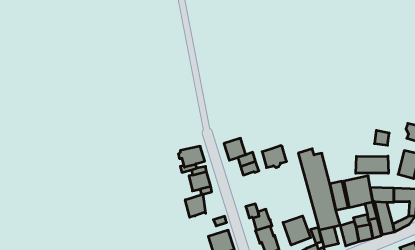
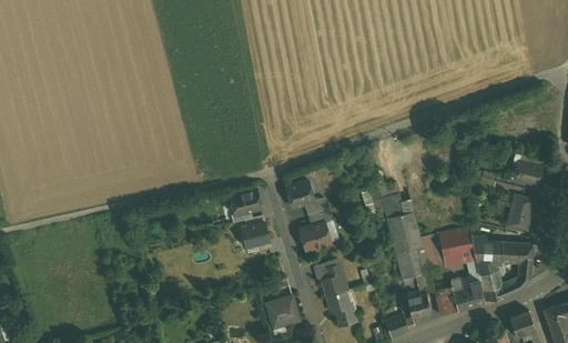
building: [262,146,287,168] -> [300,222,331,250]
building: [356,156,388,173] -> none
building: [185,194,206,217] -> none
building: [283,216,311,245] -> none

